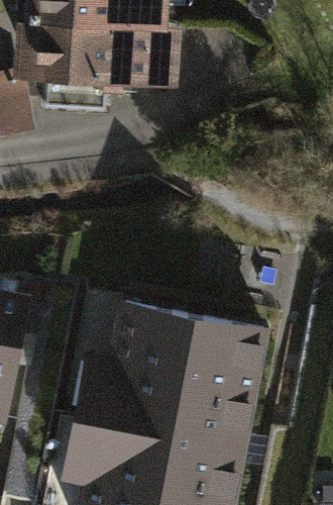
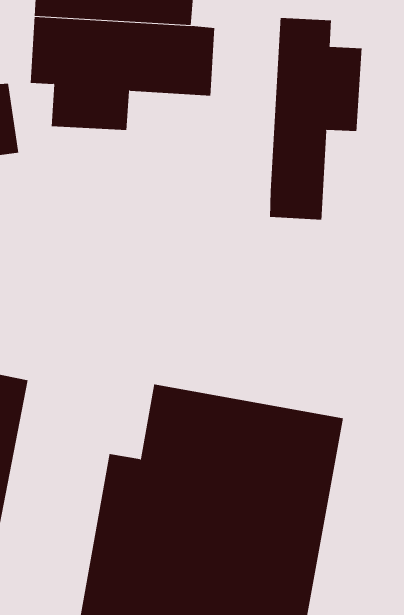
building: none -> [270,17,362,221]

